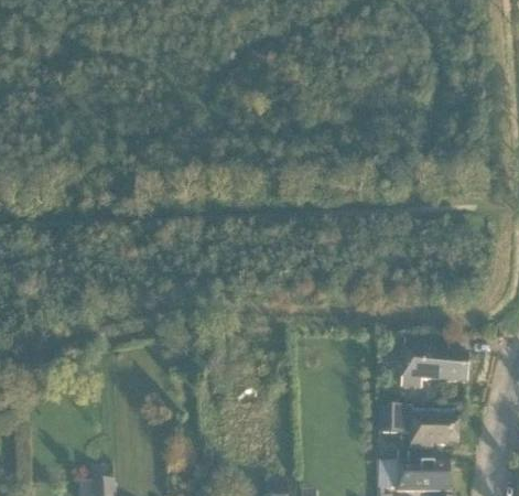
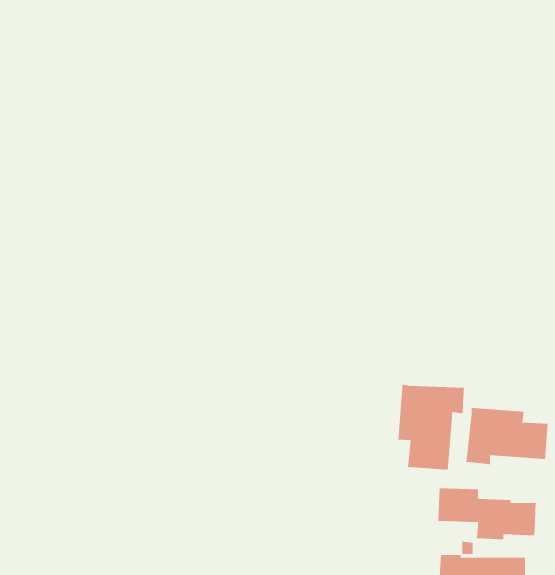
building: none -> [398,384,464,470]

